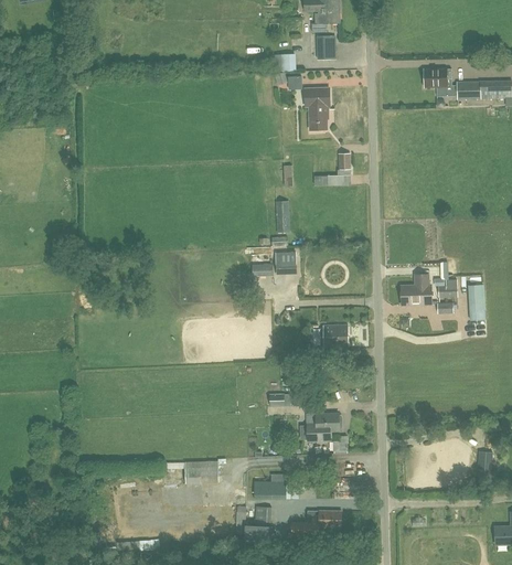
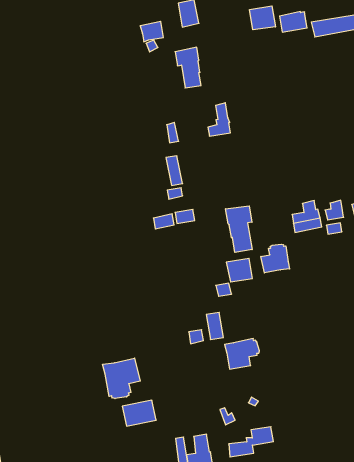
building: none -> [250,6,275,30]
building: none -> [226,206,252,252]
building: none -> [261,244,290,273]
building: none -> [103,358,140,399]
building: [254,473,286,497] -> none

